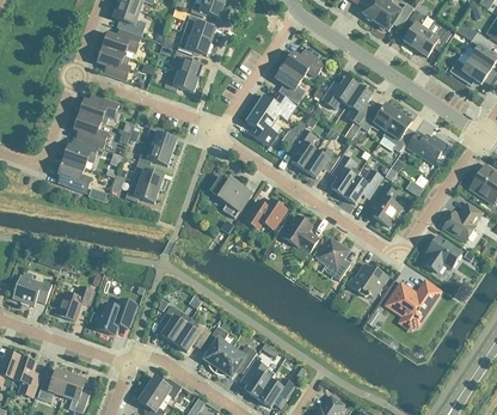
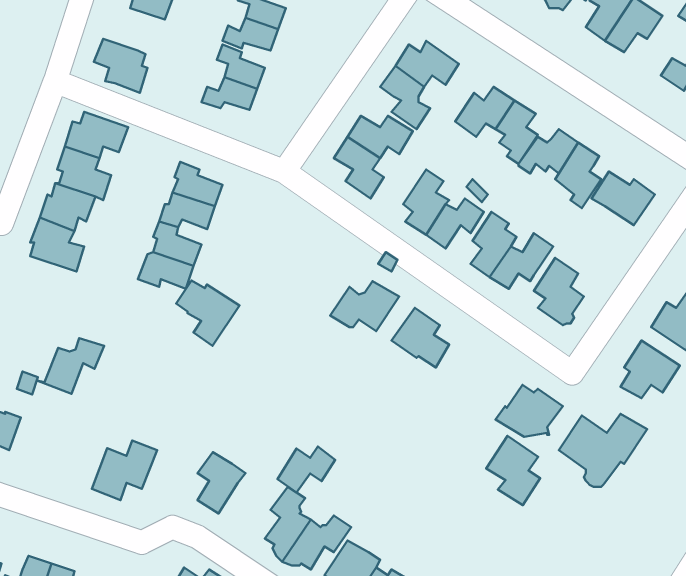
building: [100,29,141,55] -> none
building: [211,177,251,218] -> [176,281,239,346]
building: [317,237,350,280] -> [486,436,540,505]
building: [53,286,94,321] -> [37,338,104,394]
building: [174,323,210,352] -> [277,446,335,493]

